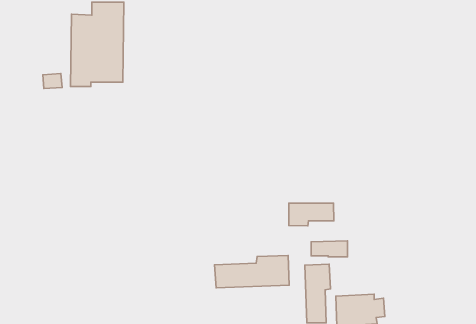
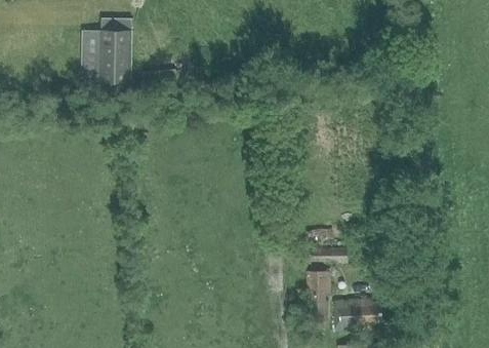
building: [289,203,334,226] -> none
building: [214,256,289,288] -> none

